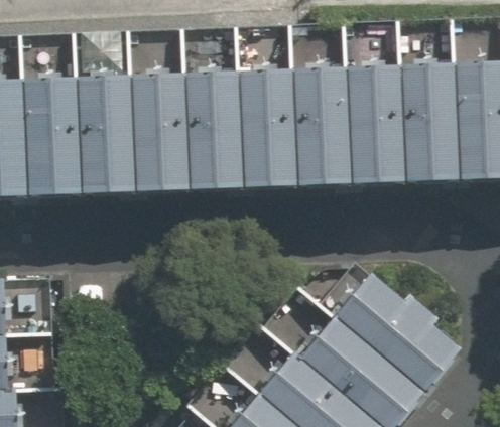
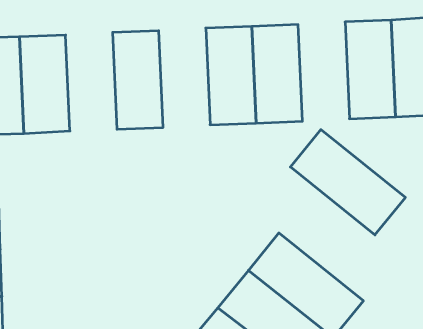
building: [347,66,406,181] -> none
building: [185,74,245,188] -> none
building: [78,79,137,192] -> none
building: [325,267,458,389] -> [290,130,405,235]

